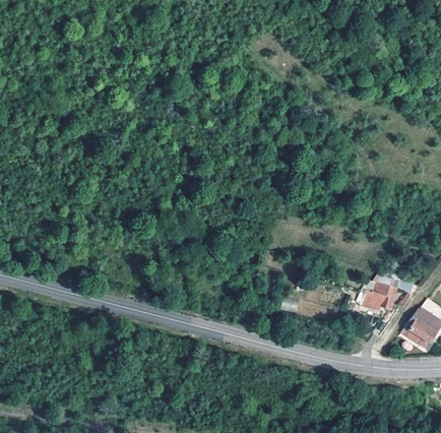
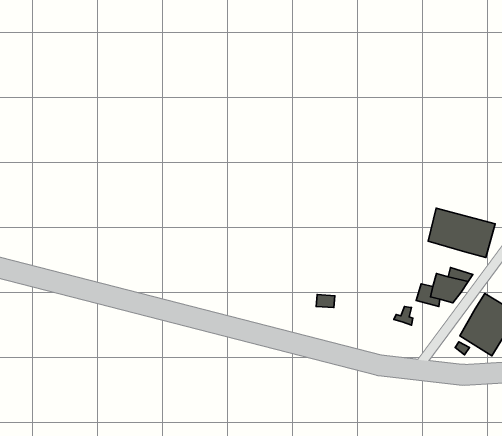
building: none -> [428,208,495,257]

